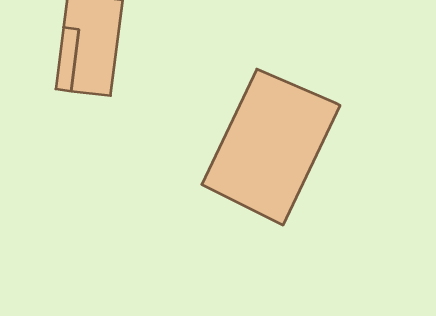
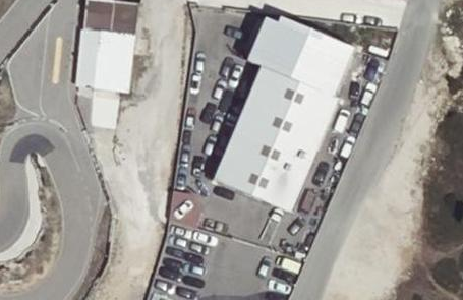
building: none -> [248,18,356,99]

